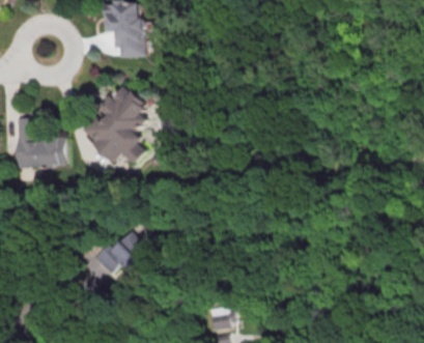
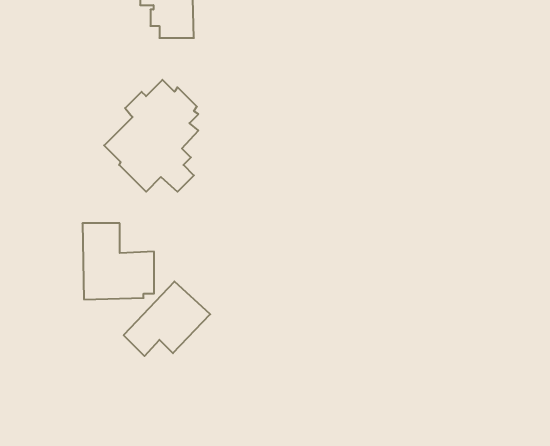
building: [15,116,64,169] -> [82,223,154,299]
building: [210,307,232,328] -> none

